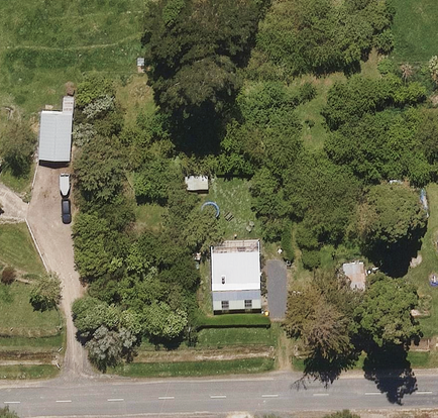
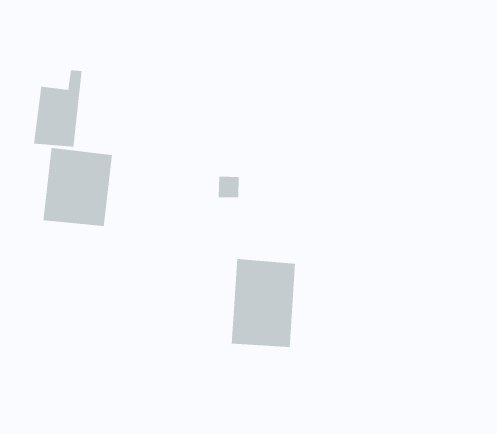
building: none -> [43,147,113,227]

